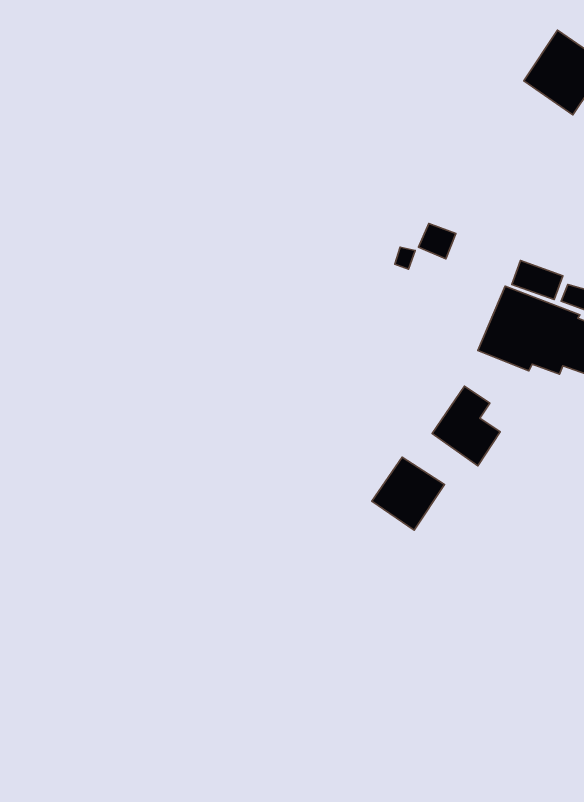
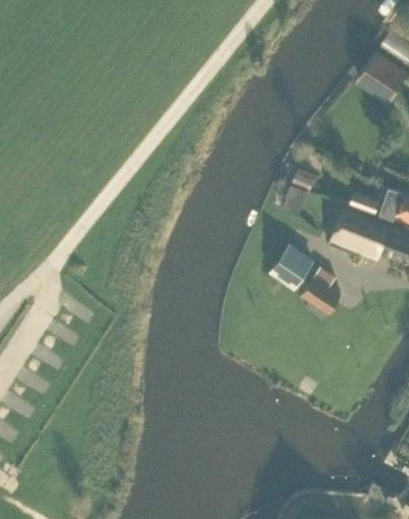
building: [372,457,445,530] -> [271,244,315,288]

